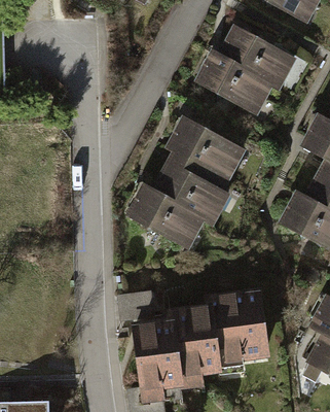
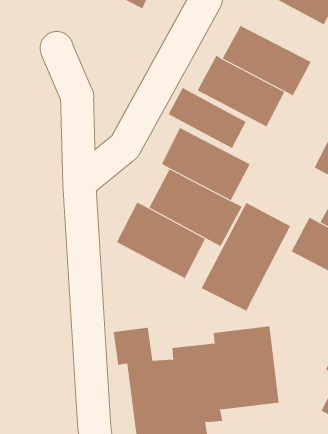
building: none -> [168,87,247,149]
building: none -> [201,202,291,312]

